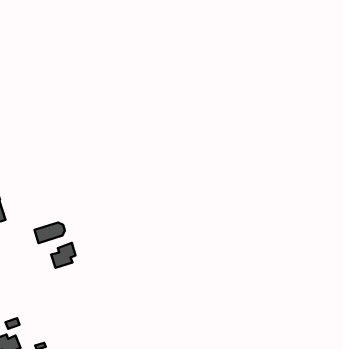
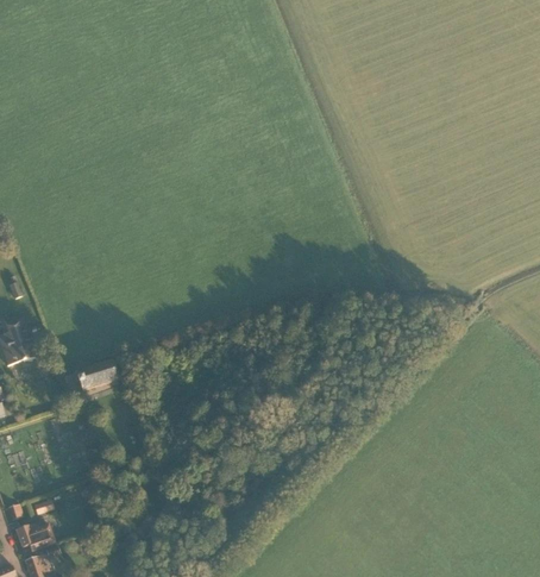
building: [51,243,75,268] -> none

